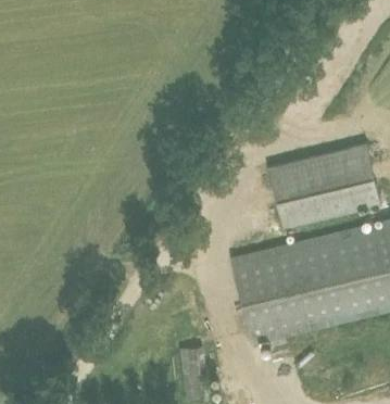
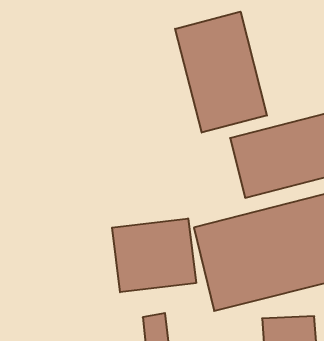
building: none -> [175,12,267,133]
building: none -> [112,218,196,292]

